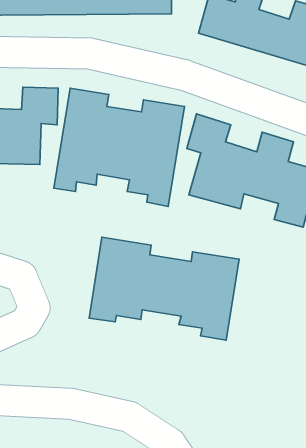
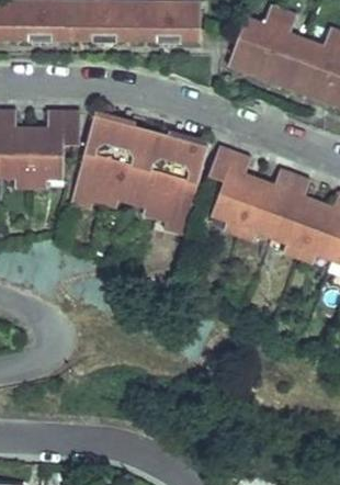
building: [89,237,239,340] -> none

